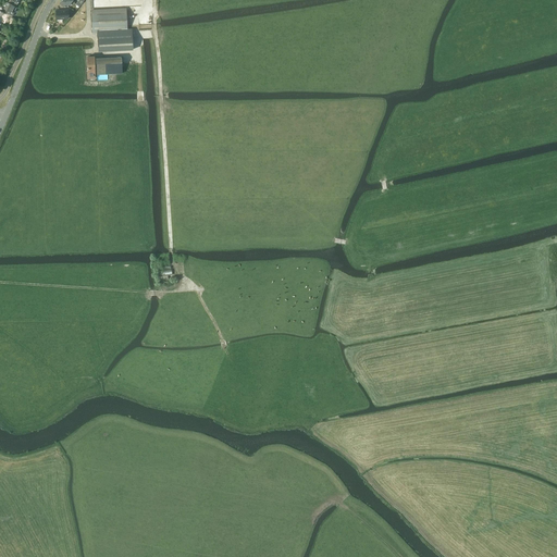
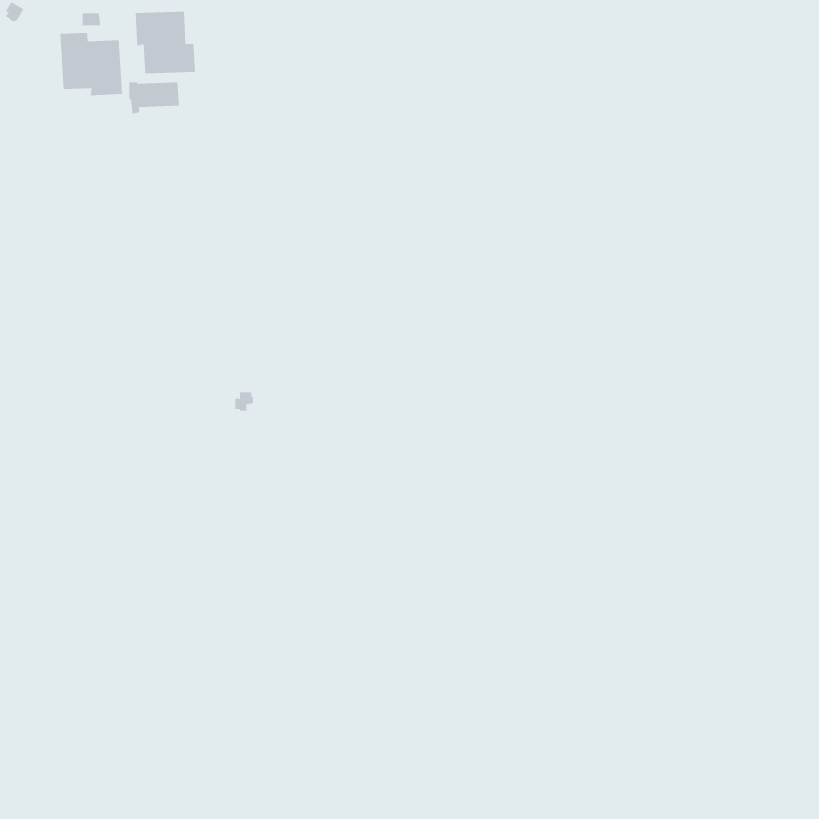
building: none -> [60,32,123,96]

